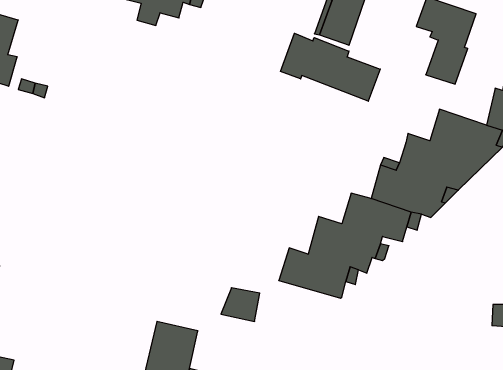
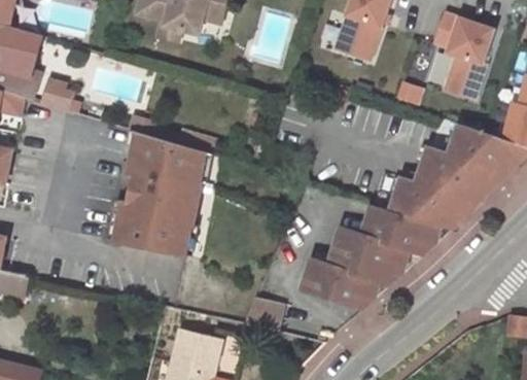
building: [281,33,380,101] -> none
building: none -> [115,132,205,255]

